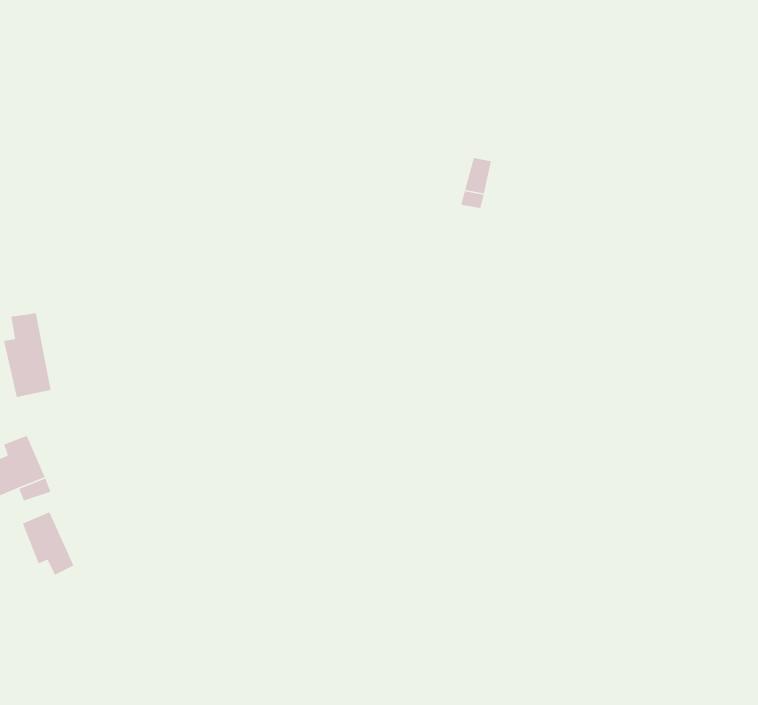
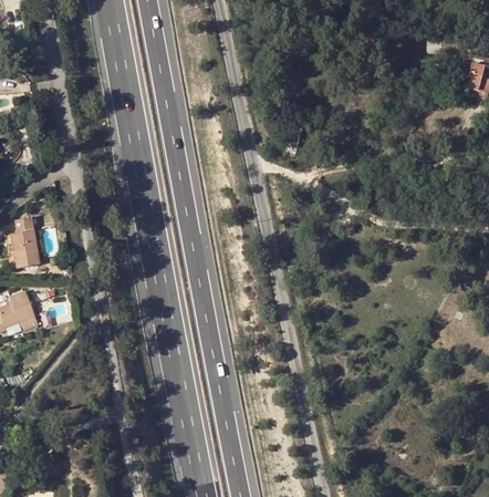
building: [22,511,74,576] -> none

